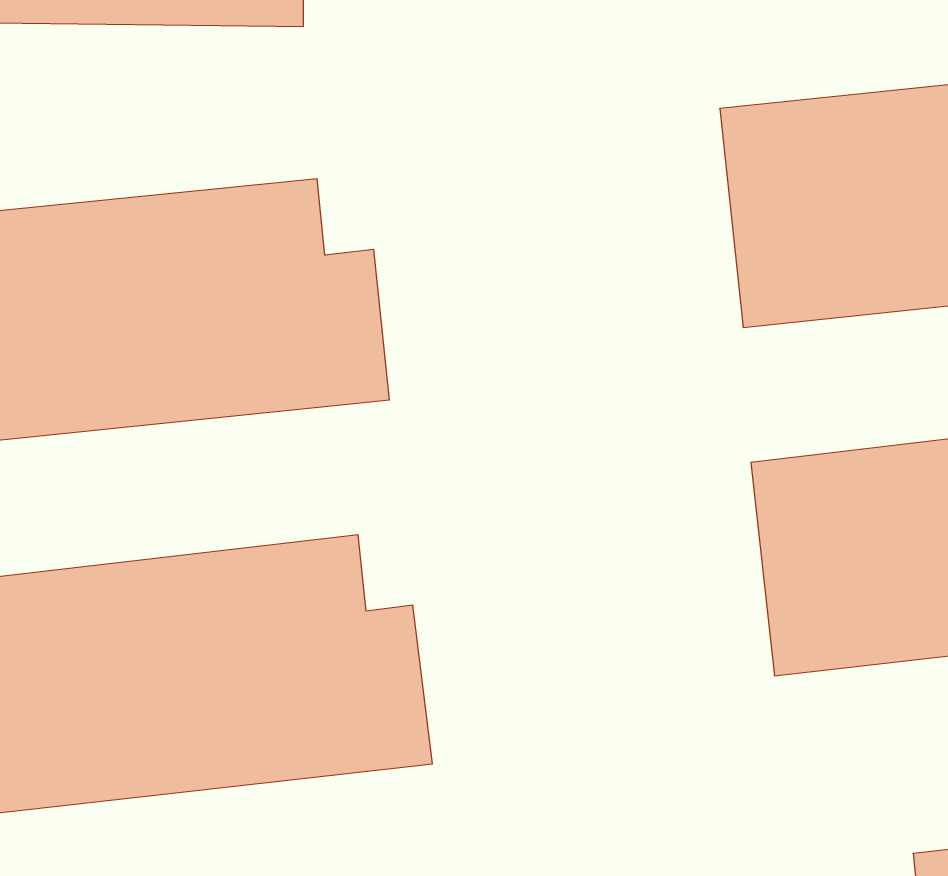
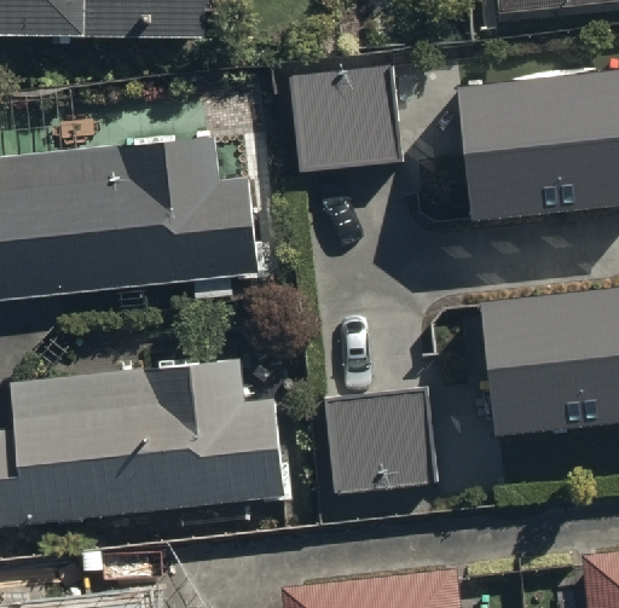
building: none -> [288,62,405,175]
building: none -> [325,389,439,496]

